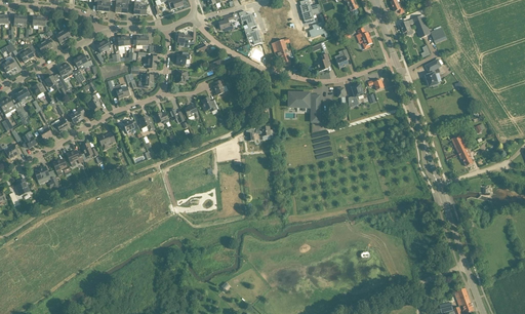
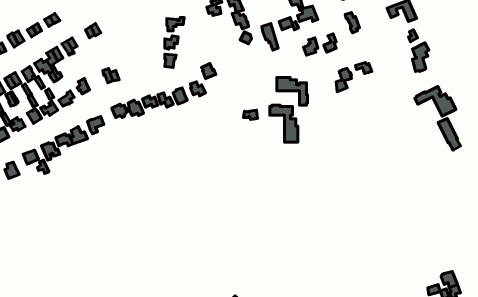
building: none -> [415,86,456,116]
building: none -> [270,105,298,142]

